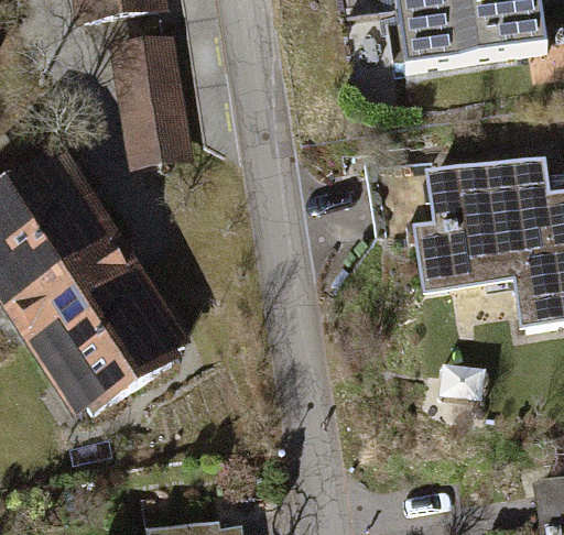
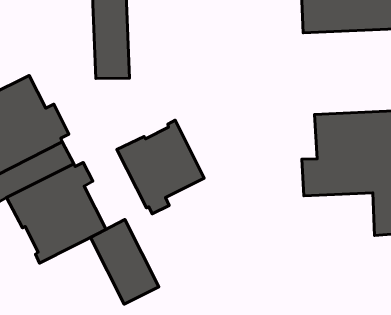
building: none -> [117,120,204,214]
building: none -> [91,219,159,304]

